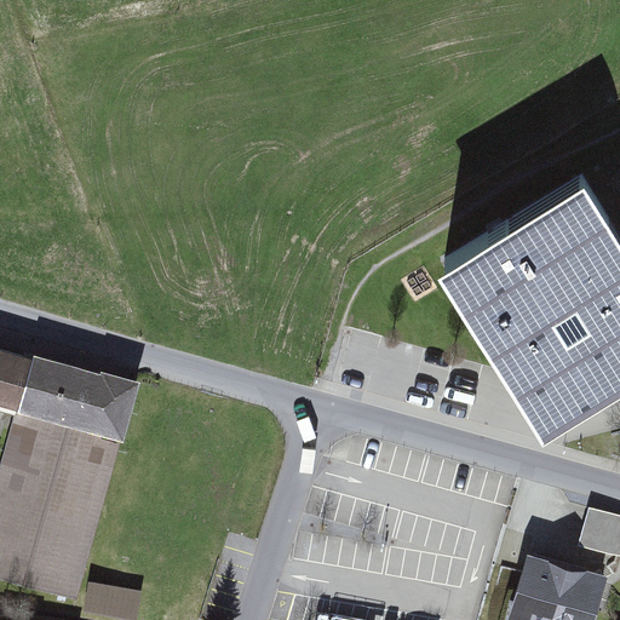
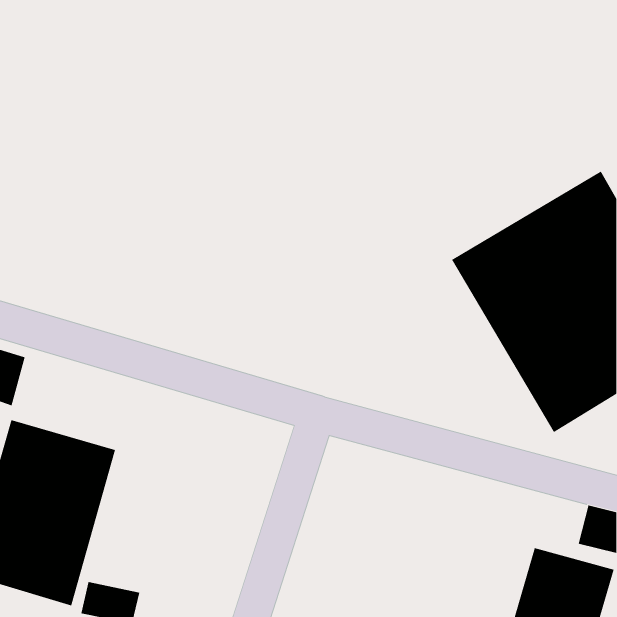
building: [22,362,142,446] -> none

